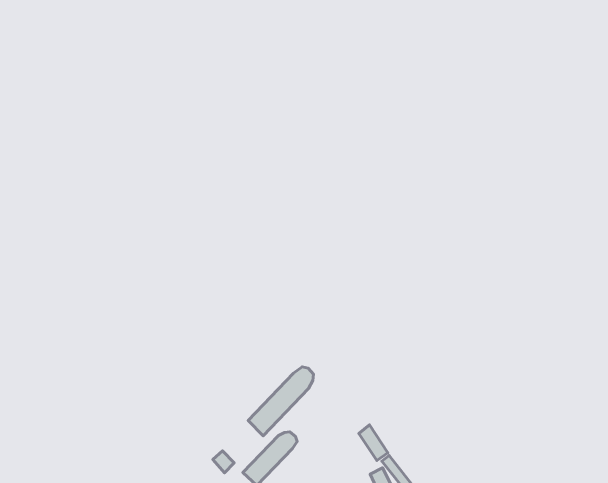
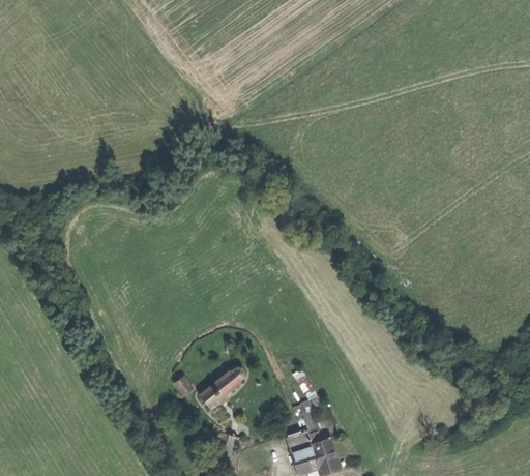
building: [248,367,313,436] -> none

